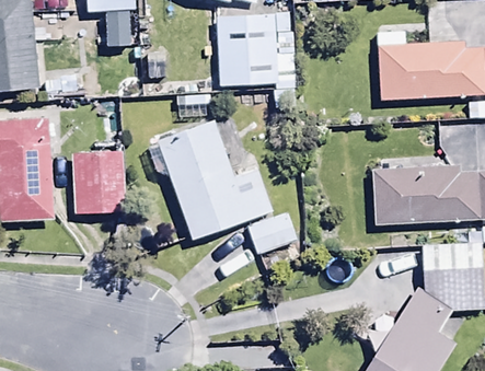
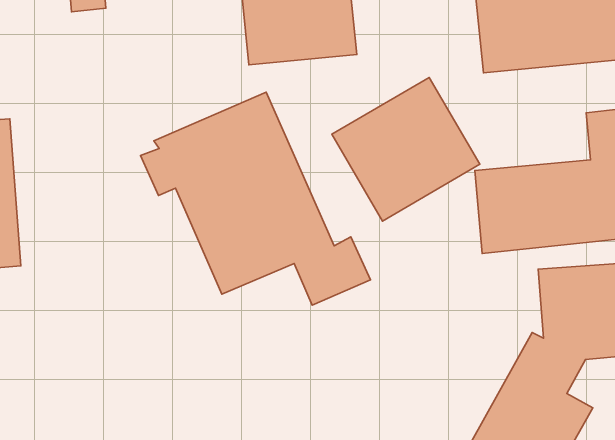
building: none -> [332,77,480,221]
building: [70,139,126,213] -> none

